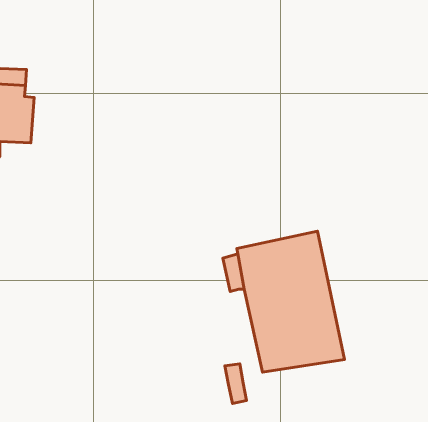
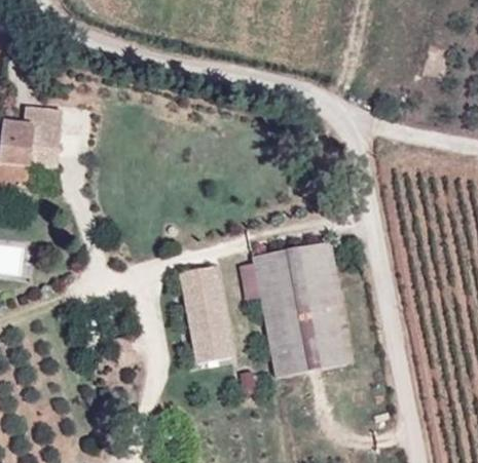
building: none -> [178,265,229,360]

